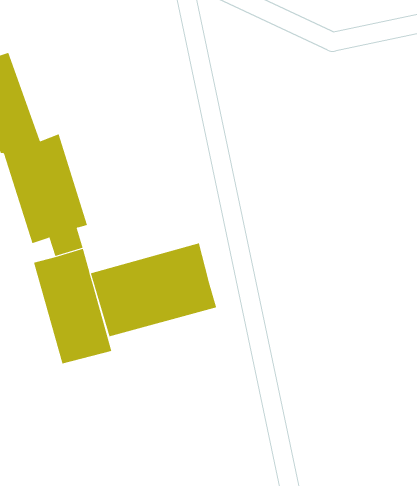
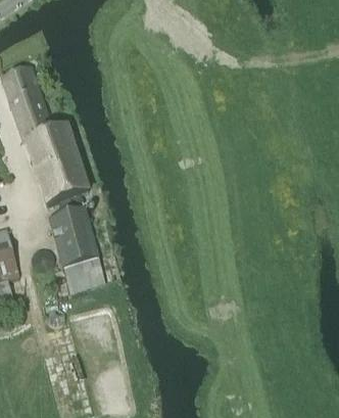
building: [90,242,217,337] -> none

